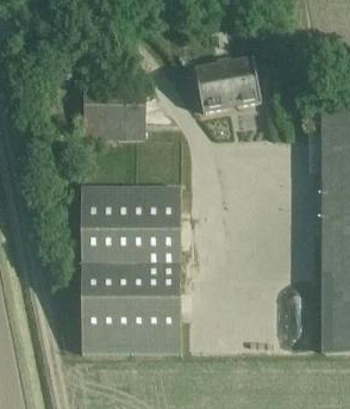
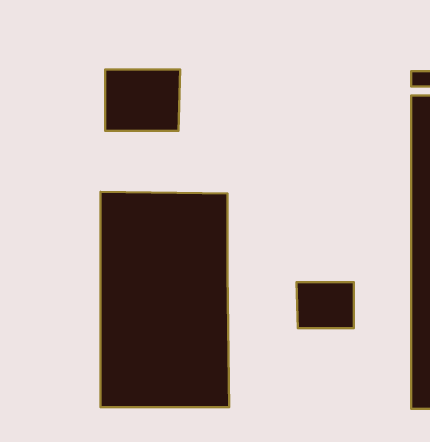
building: [195,54,260,109] -> none
building: none -> [297,282,354,328]

